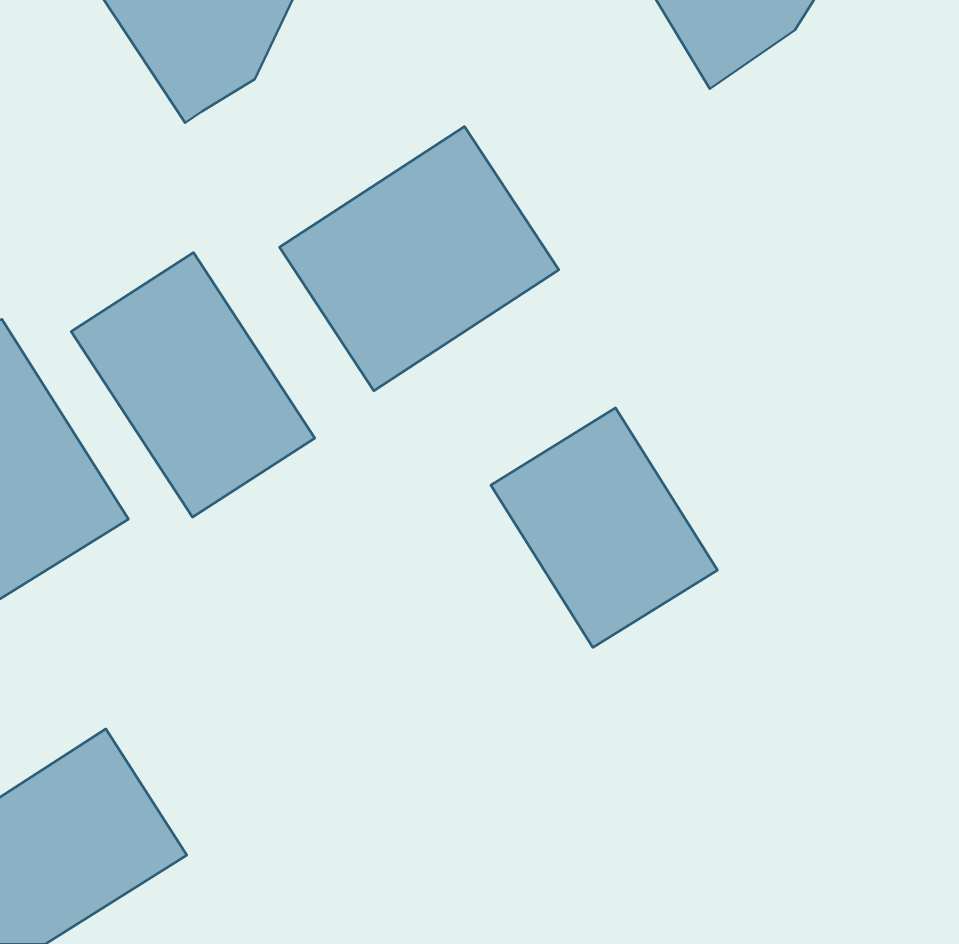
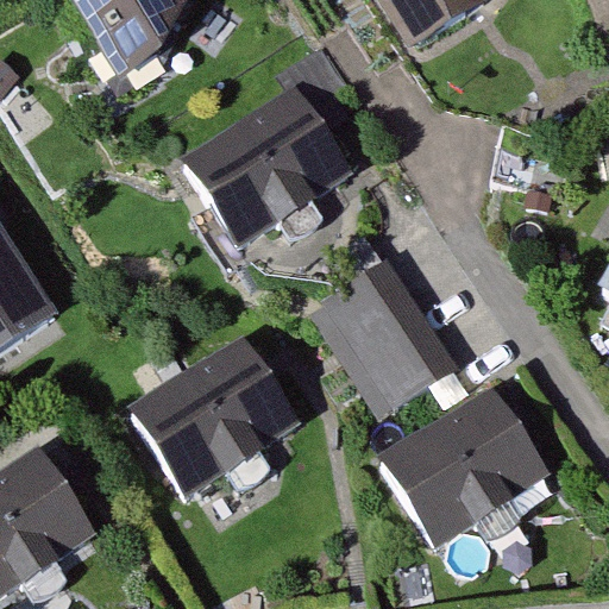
building: [71,252,315,517] -> none
building: none -> [125,332,297,495]
building: none -> [381,391,540,541]

